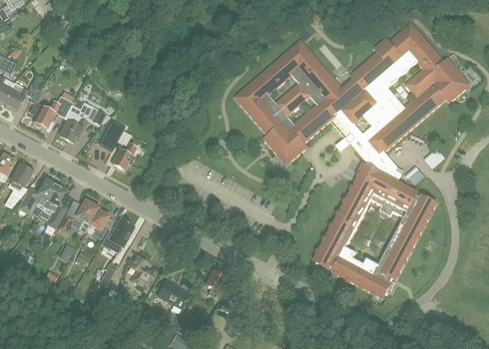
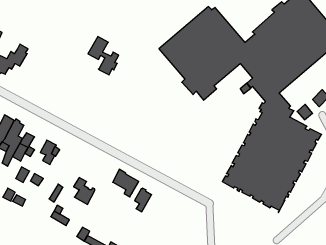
building: [59,102,108,141] -> none
building: [97,122,135,169] -> [88,37,119,75]
building: [74,200,97,233] -> none
building: [99,219,132,253] -> none
building: [156,279,188,313] -> [113,169,139,197]

